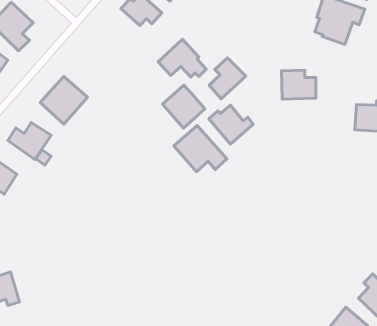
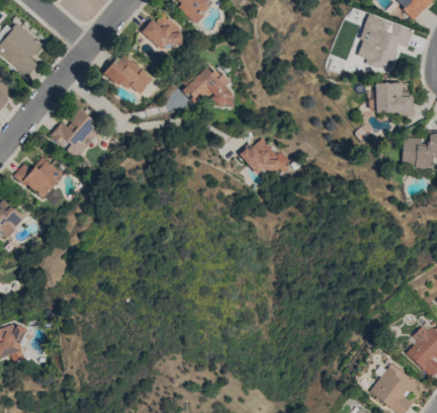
building: none -> [105,54,153,97]
building: [209,58,246,99] -> none
building: [281,70,316,99] -> [375,82,414,114]
building: [163,85,205,128] -> none
building: [174,125,227,172] -> none

